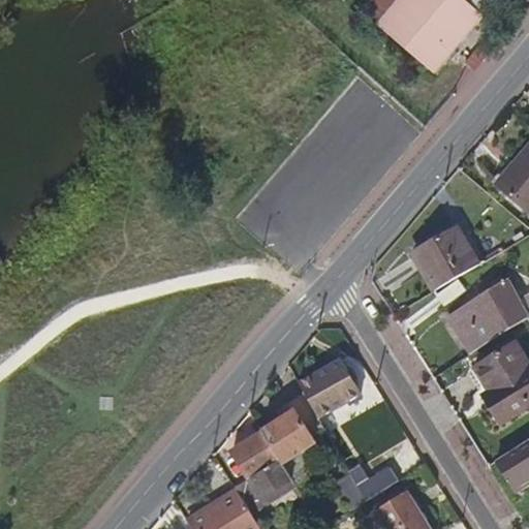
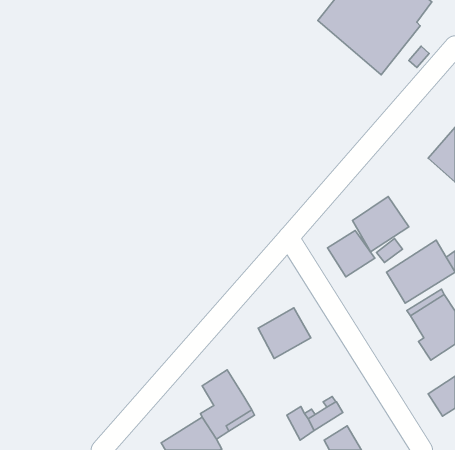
building: none -> [328,231,375,277]
building: [263,412,313,461] -> none

